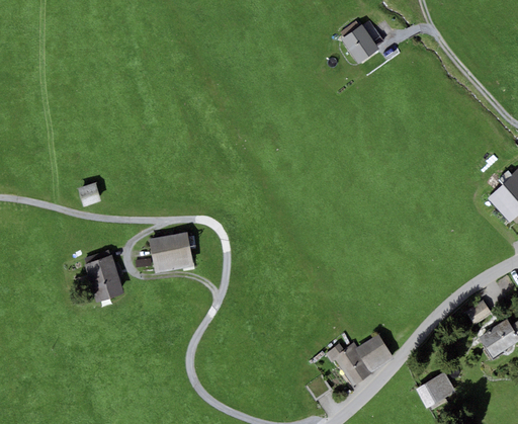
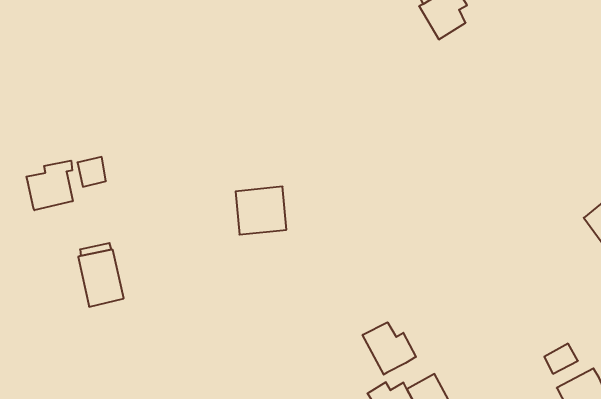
building: none -> [26,161,73,210]
building: [150,232,193,273] -> [236,187,286,235]
building: none -> [363,322,416,375]

